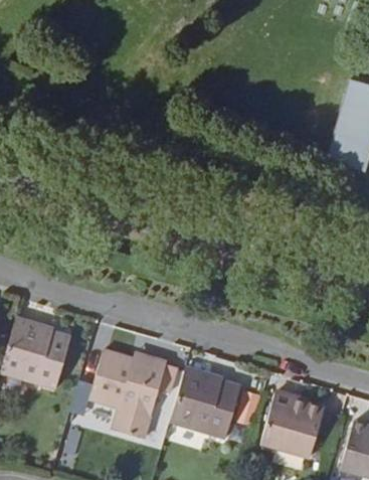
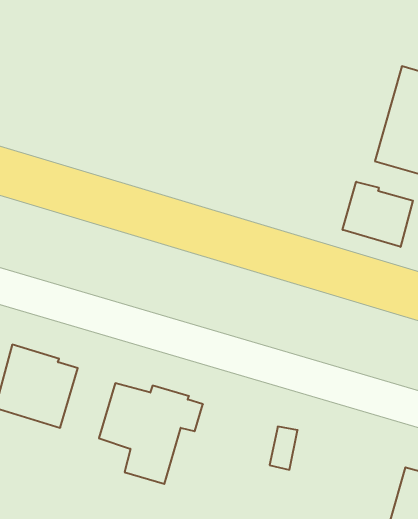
building: none -> [343,182,413,247]
building: [169,367,241,439] -> none
building: [260,392,325,459] -> none

